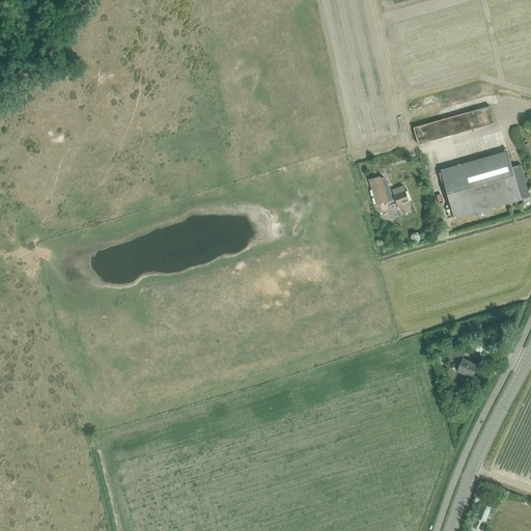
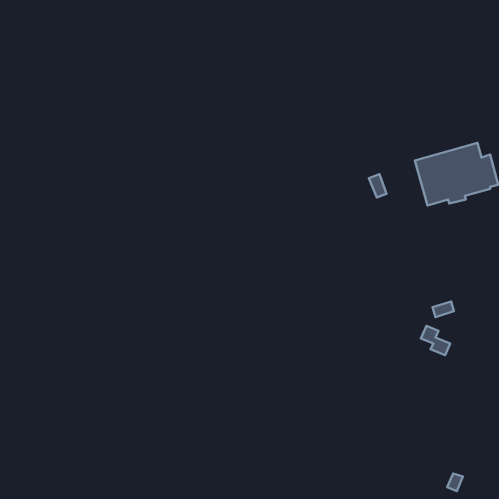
building: [413,105,494,144] -> none
building: [368,175,393,204] -> none

